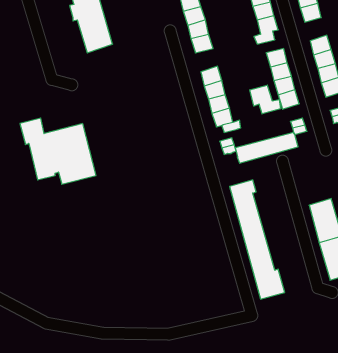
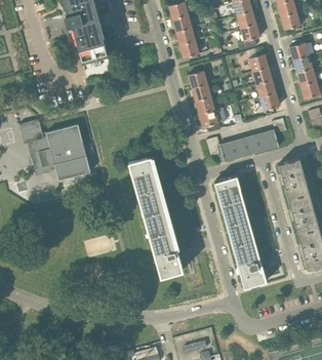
building: [250,85,280,114] -> none
building: none -> [128,156,183,276]
building: none -> [278,158,309,199]

